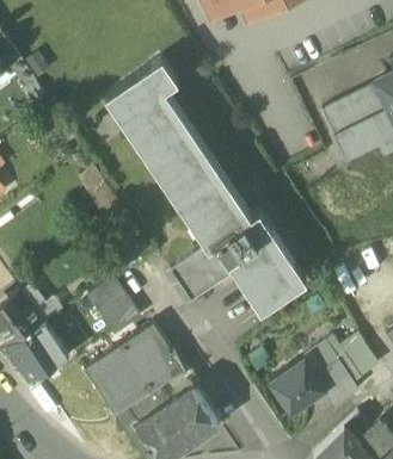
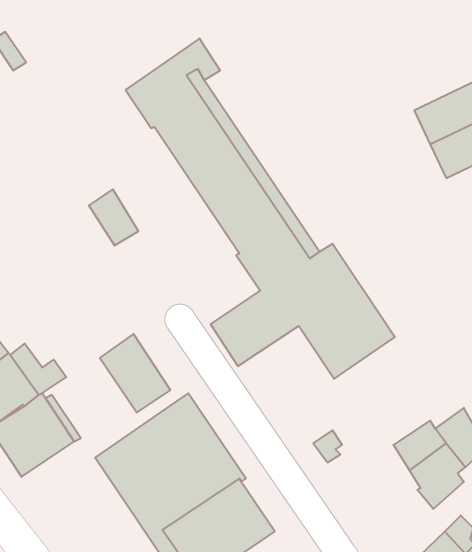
building: [270,360,326,416] -> none

